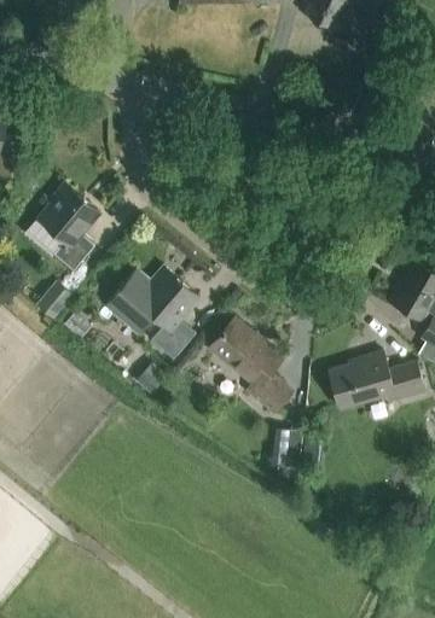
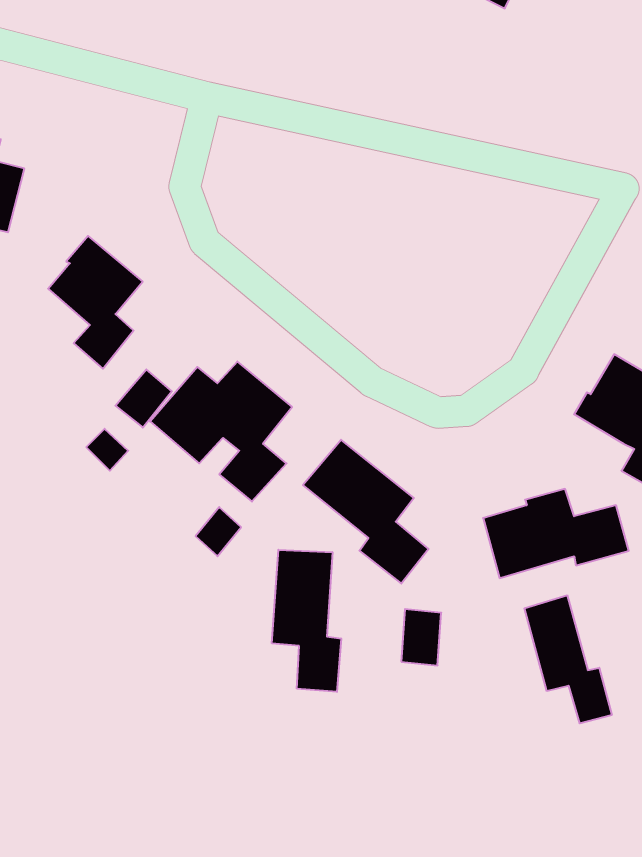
building: [36,279,74,317] -> [115,369,172,428]
building: none -> [272,550,341,692]
building: none -> [524,595,612,723]

